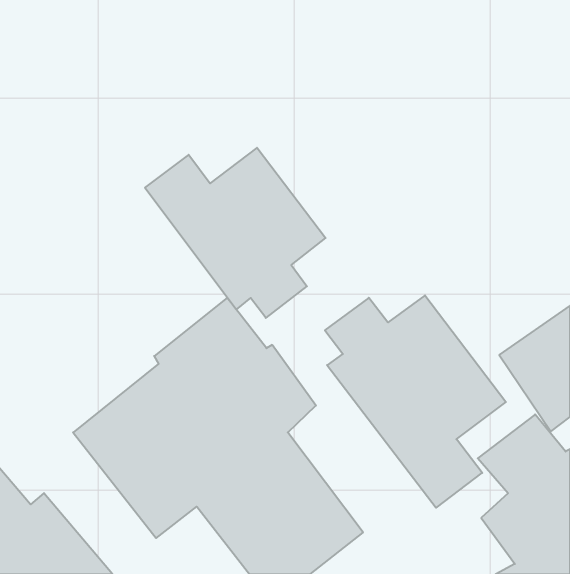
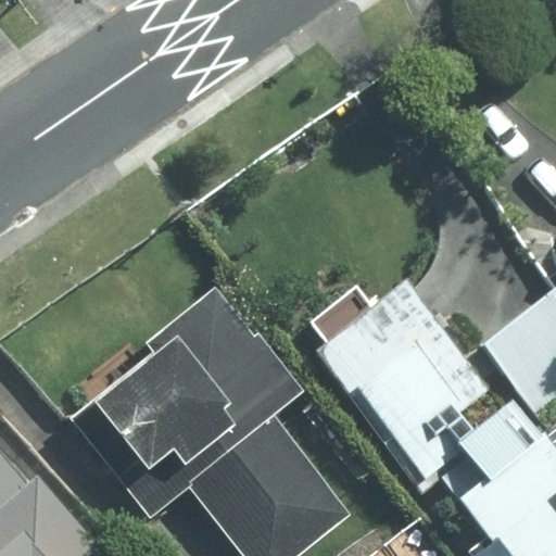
building: [145,148,326,318] -> none

